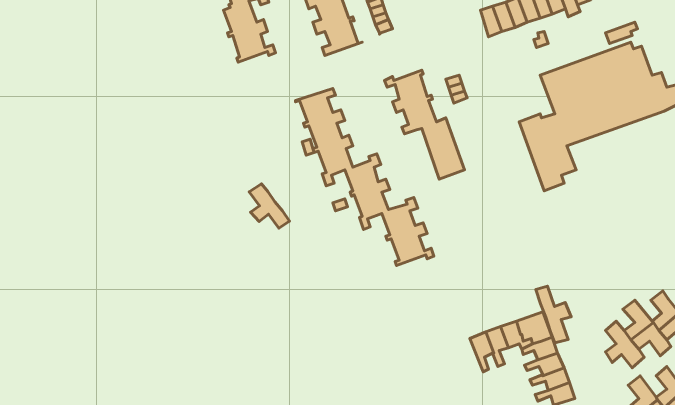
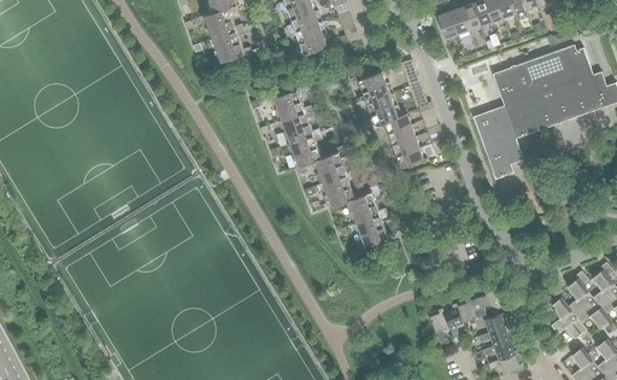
building: [249,184,290,228] -> none
building: [536,286,571,343] -> none

